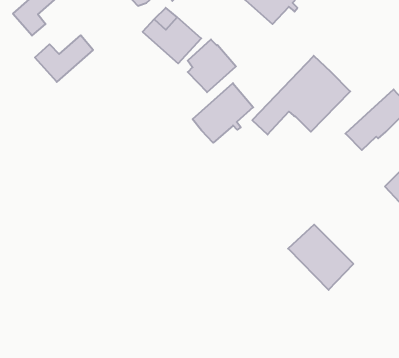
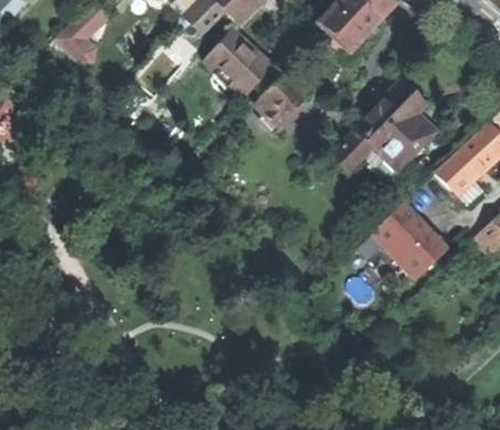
building: [35,35,93,82] -> none
building: [193,83,253,143] -> none
building: [288,225,353,290] -> [371,204,445,278]

